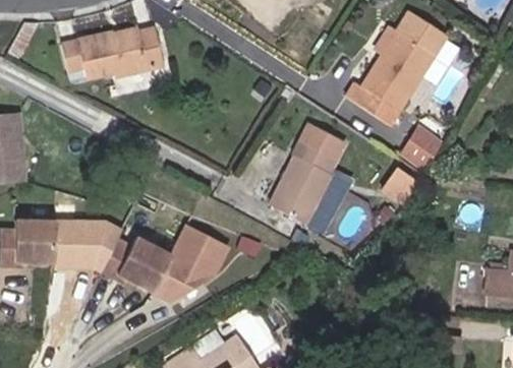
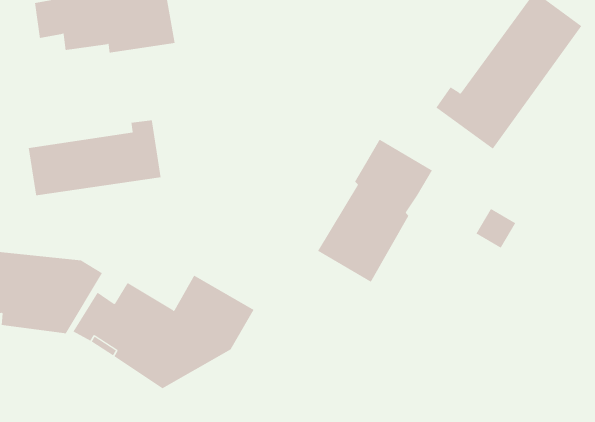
building: none -> [28,119,161,196]
building: [404,130,443,171] -> none

